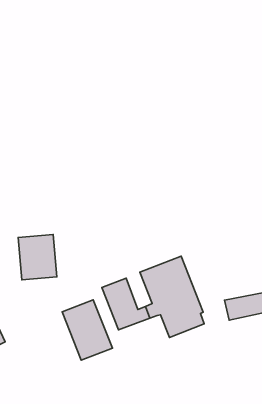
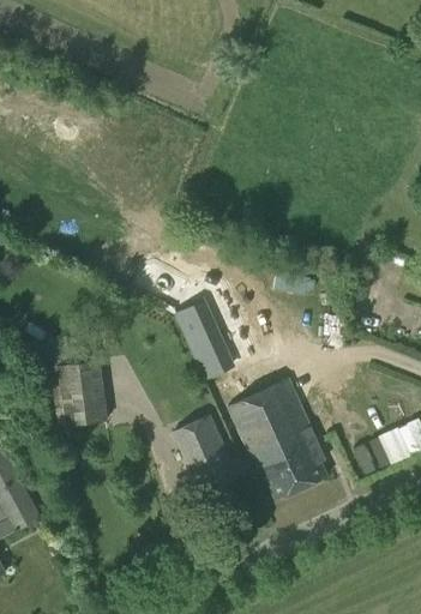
building: none -> [175,302,230,377]
building: [62,300,112,360] -> none

